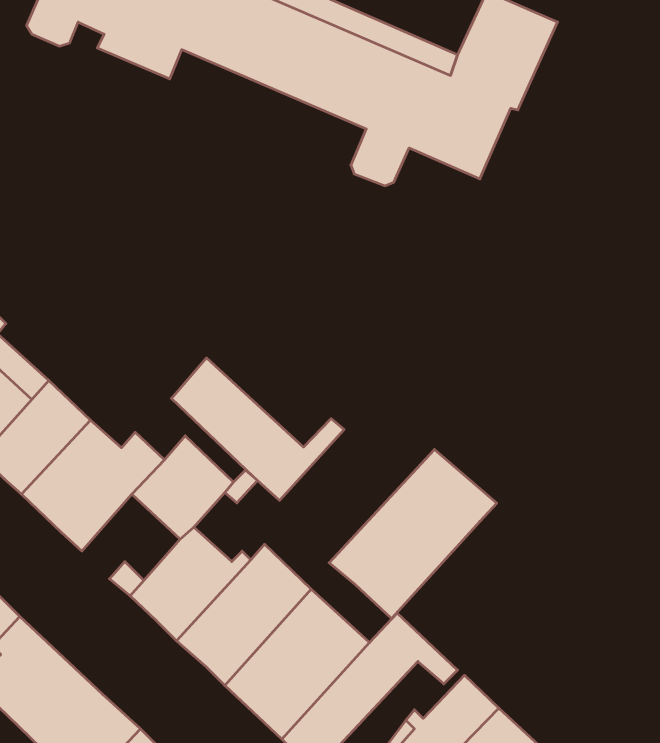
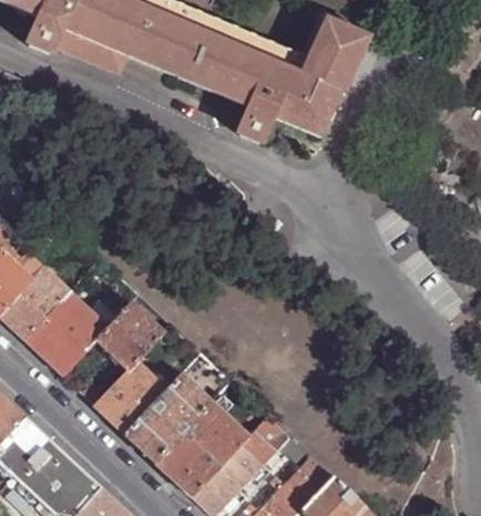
building: [171,358,344,500] -> none
building: [329,449,497,619] -> none

